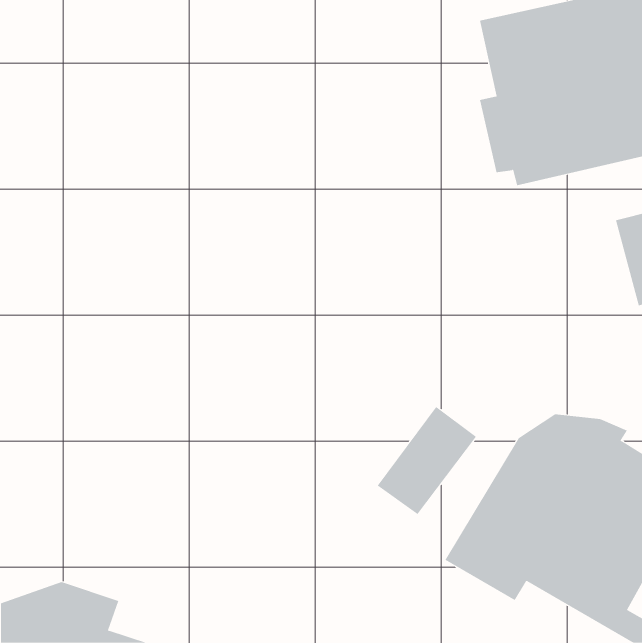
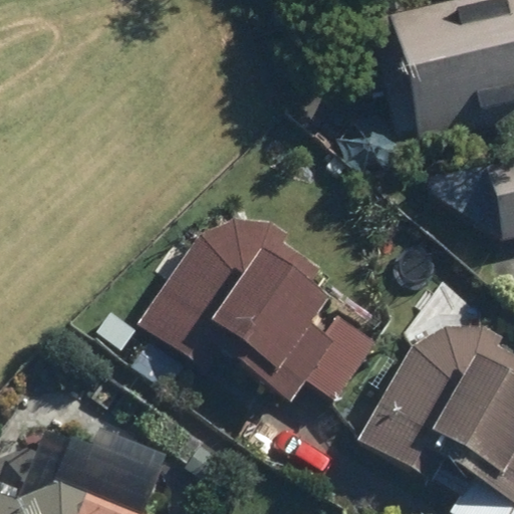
building: none -> [140,218,327,388]

